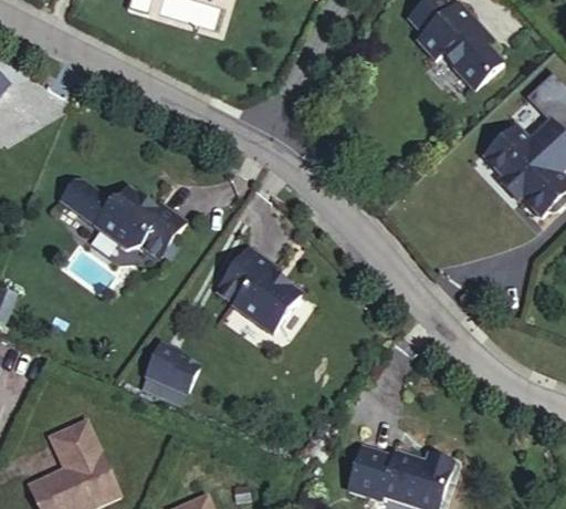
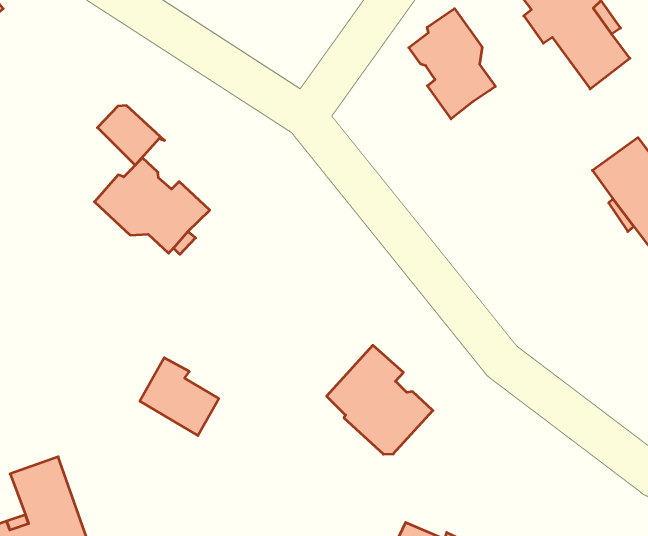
building: none -> [409,9,495,119]
building: [59,176,113,222] -> [97,106,165,165]
building: [216,245,301,330] -> [327,345,433,454]

